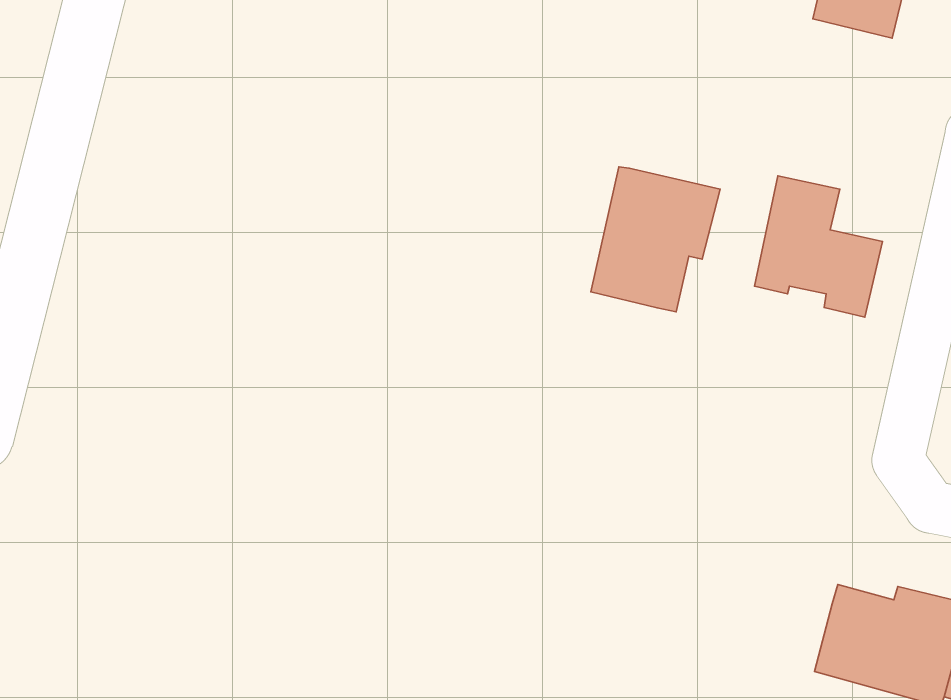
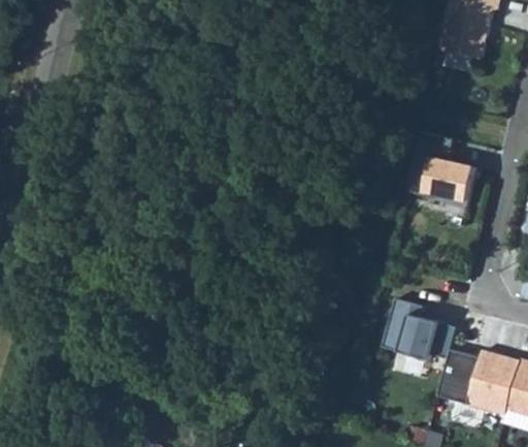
building: [591,167,720,312] -> none
building: none -> [385,299,459,360]

